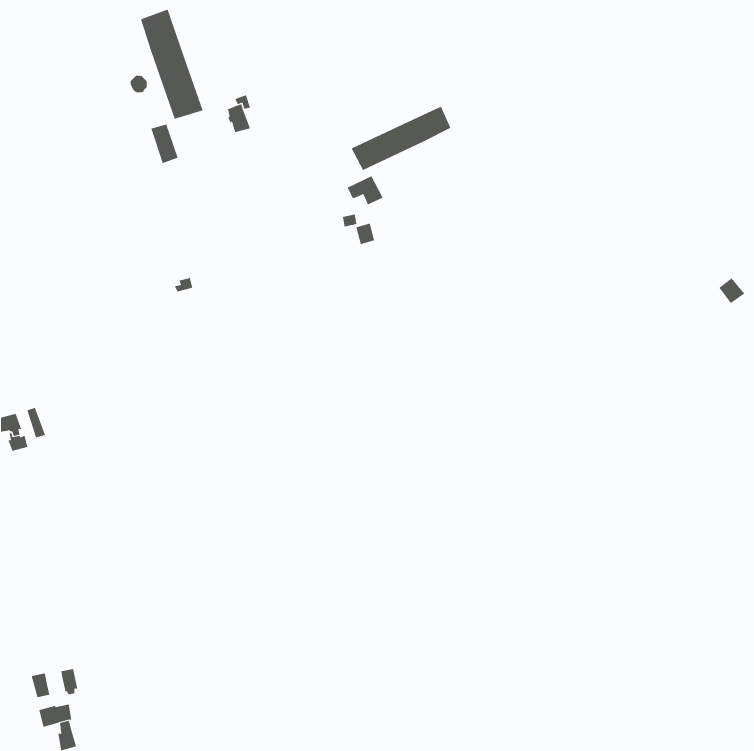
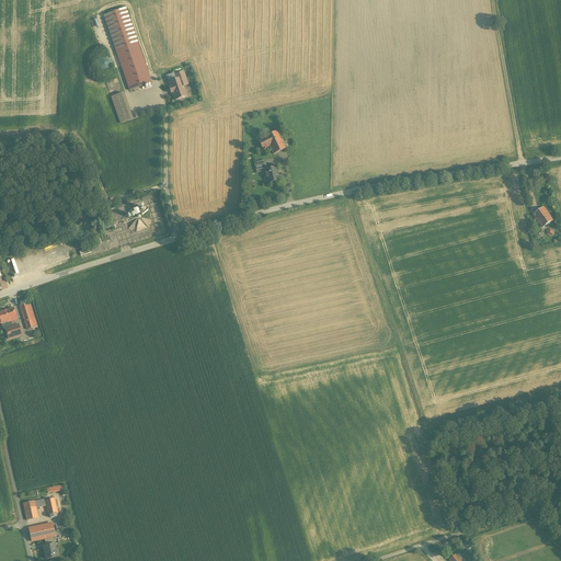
building: [351,106,451,171] -> none

